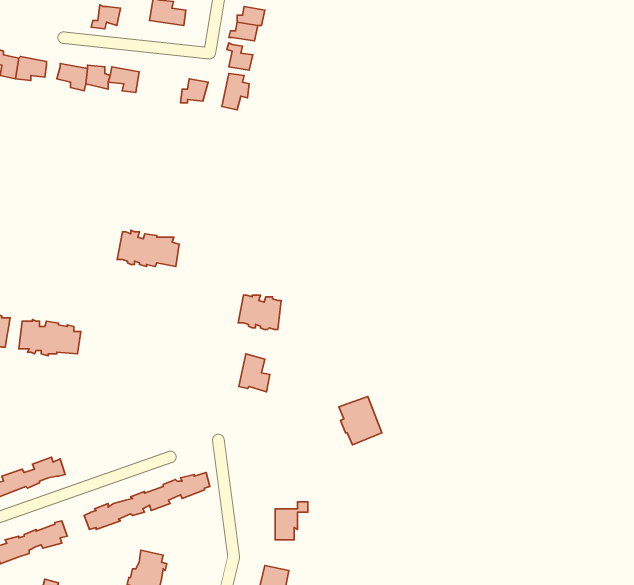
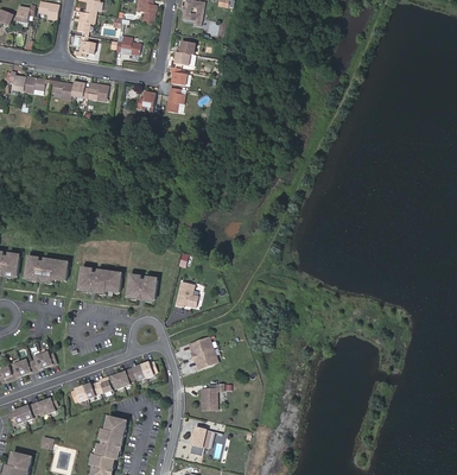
building: [117,230,179,266] -> [78,267,121,292]
building: [238,295,281,330] -> [127,276,157,299]
building: [339,397,382,445] -> [188,336,217,369]

